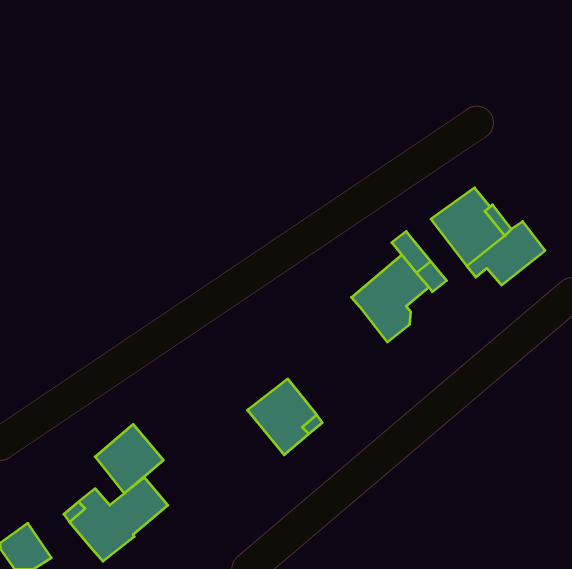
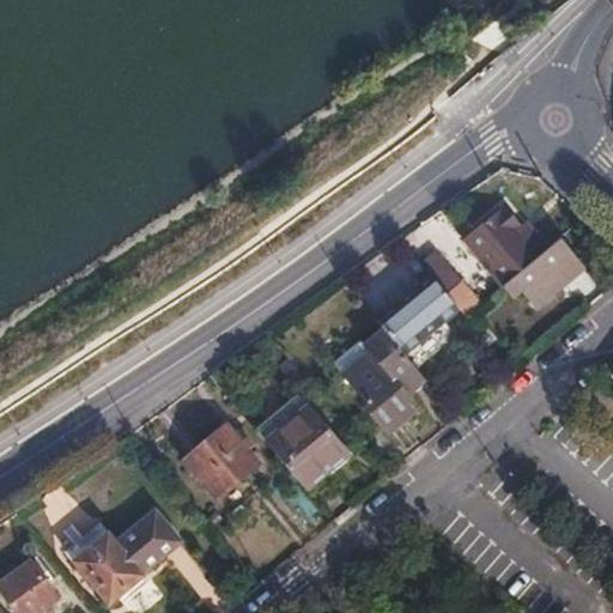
building: none -> [344,328,423,435]
building: [95,424,163,494] -> [183,425,256,499]

